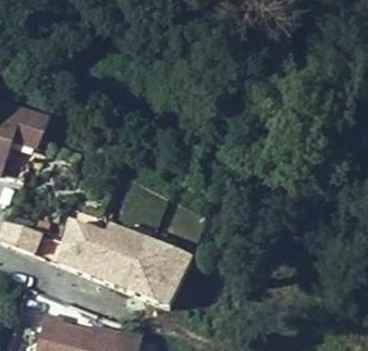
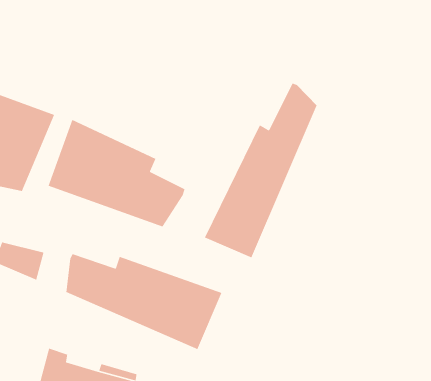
building: none -> [204,83,317,259]
building: none -> [47,119,186,228]

